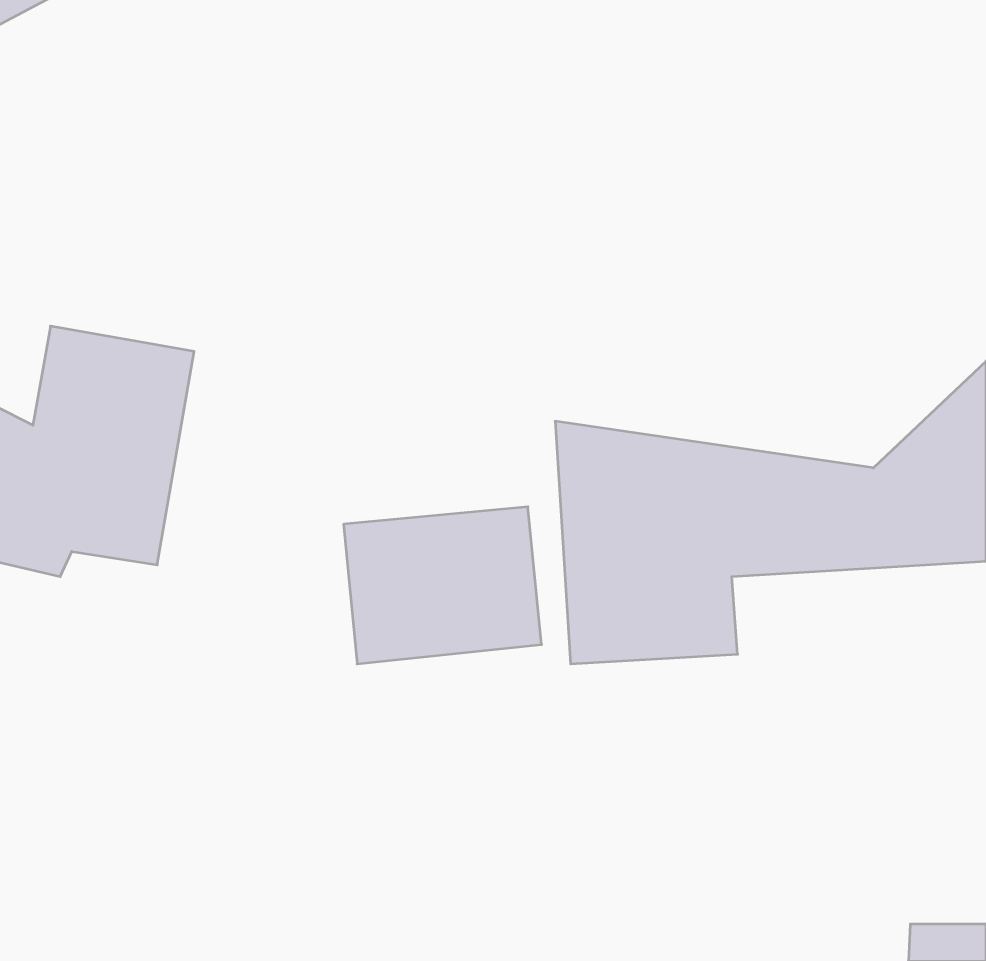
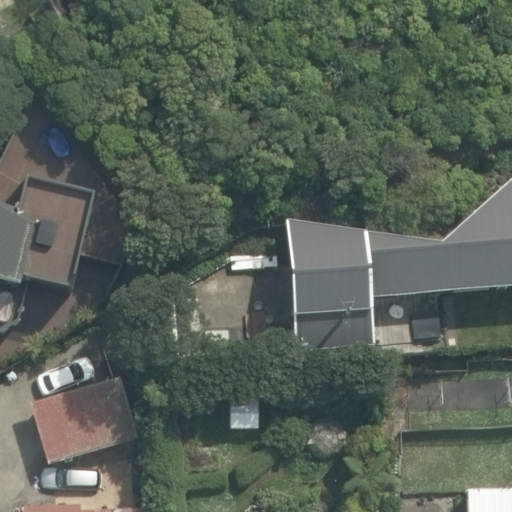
building: none -> [28,364,139,458]

